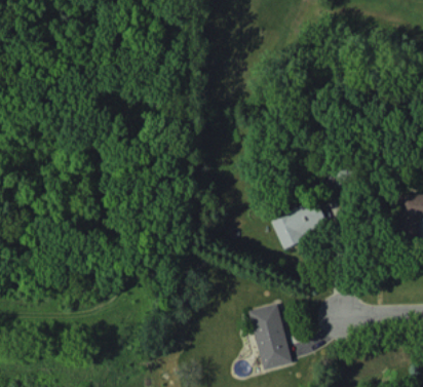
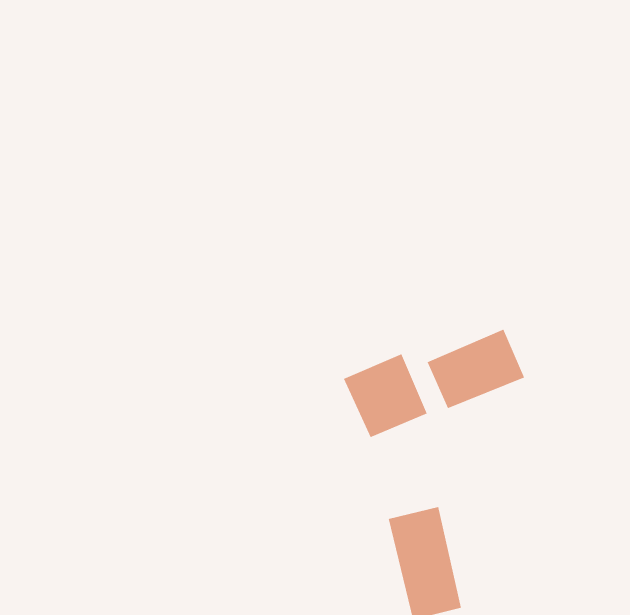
building: none -> [343,353,428,438]

